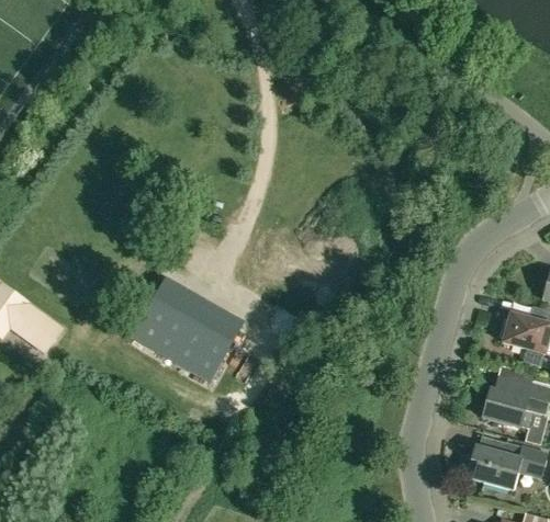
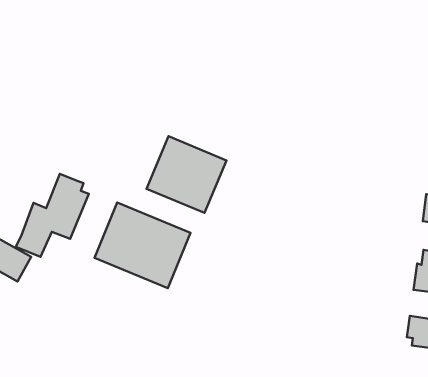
building: none -> [146,136,227,213]
building: none -> [16,174,89,257]

